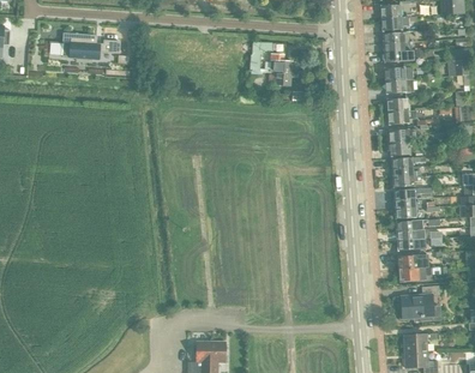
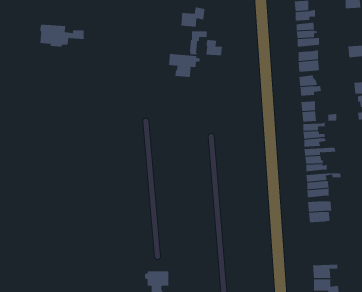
building: none -> [181,7,205,28]
building: none -> [169,53,200,78]
building: [401,285,439,319] -> none

